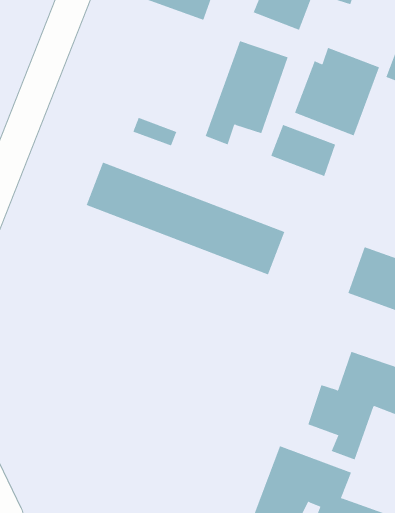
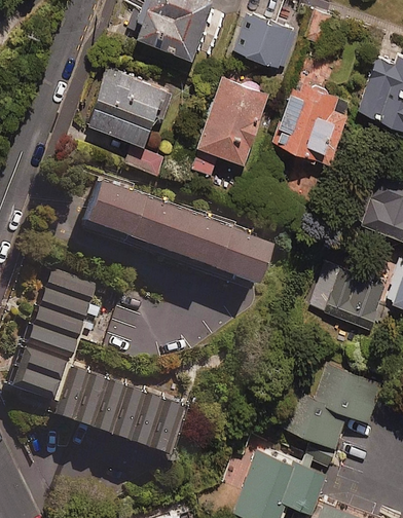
building: none -> [86,66,166,145]
building: [271,124,336,177] -> none
building: none -> [8,269,174,459]

